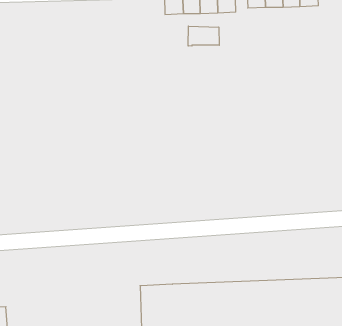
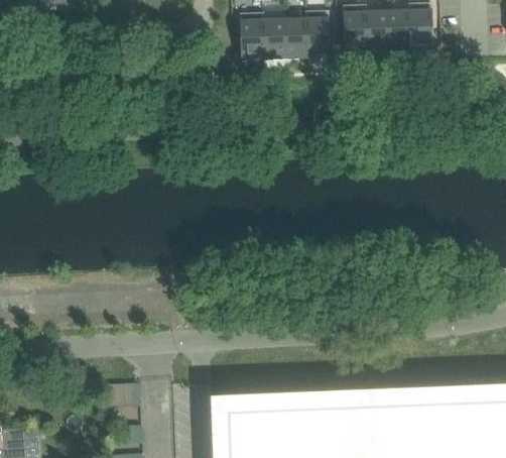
building: [188,26,219,46] -> none

